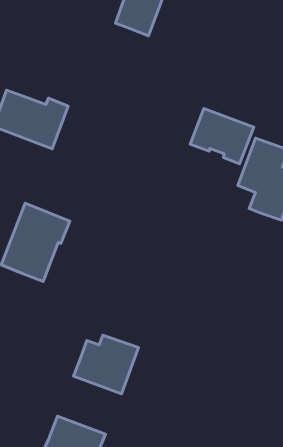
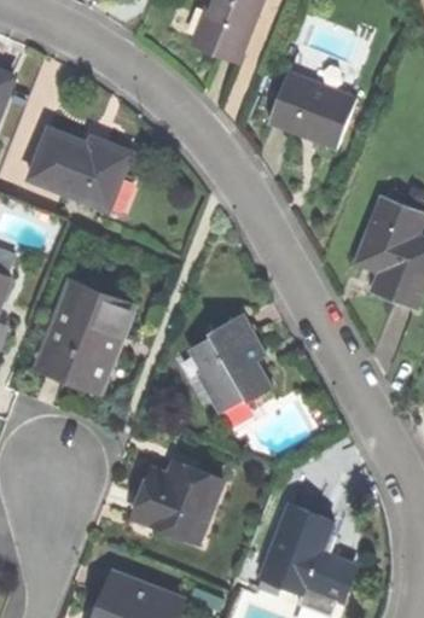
building: [190,108,254,164] -> [268,74,354,148]
building: none -> [191,310,272,406]
building: none -> [265,503,352,599]

